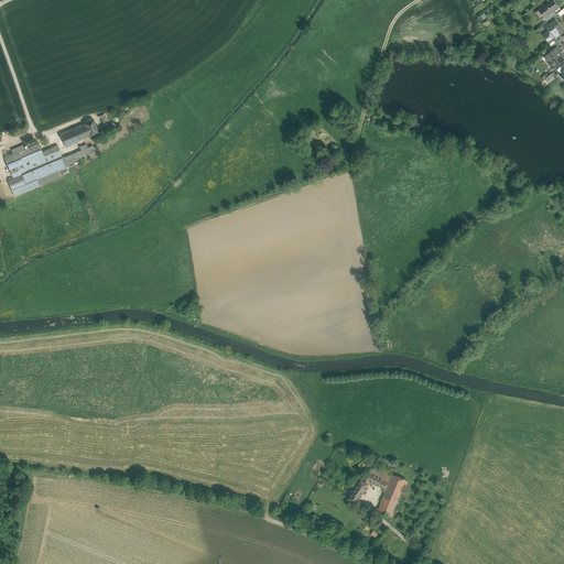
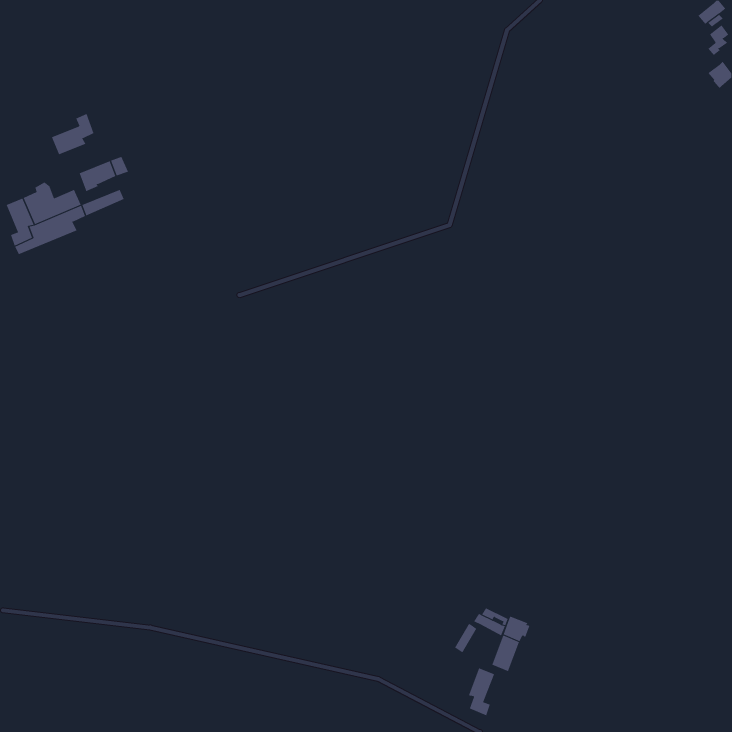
building: none -> [51,113,94,155]
building: none -> [468,668,495,716]

